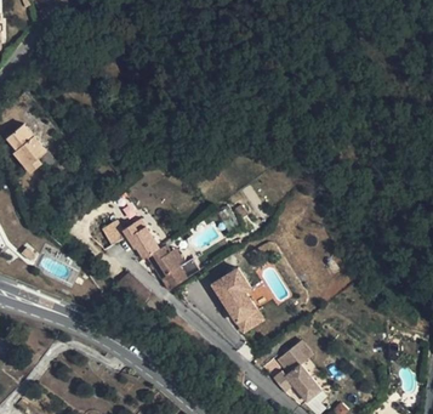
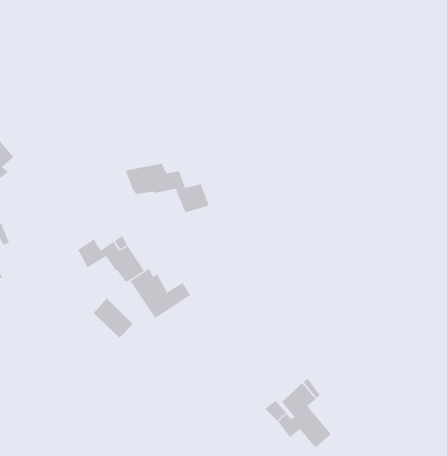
building: none -> [125,163,209,213]
building: [213,268,264,333] -> none

